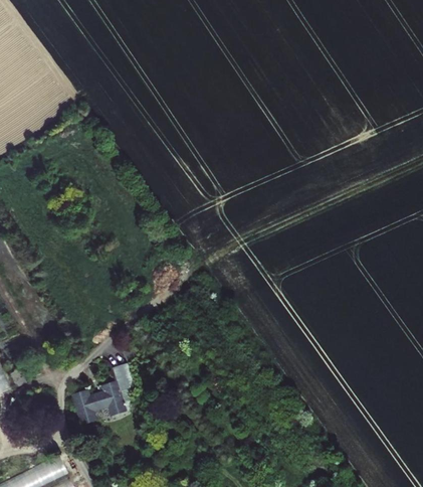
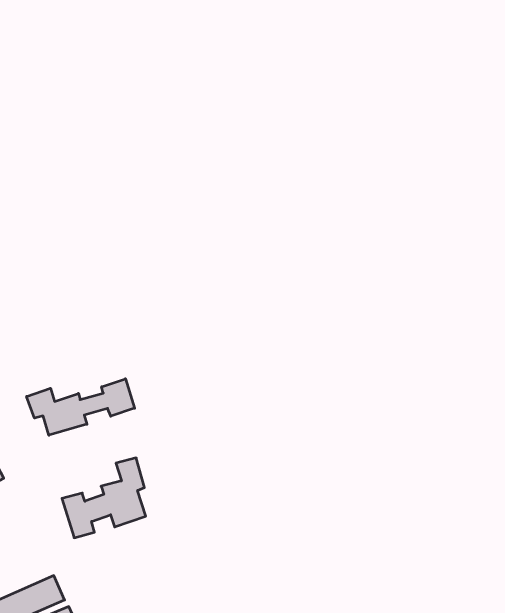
building: none -> [27,379,135,435]

